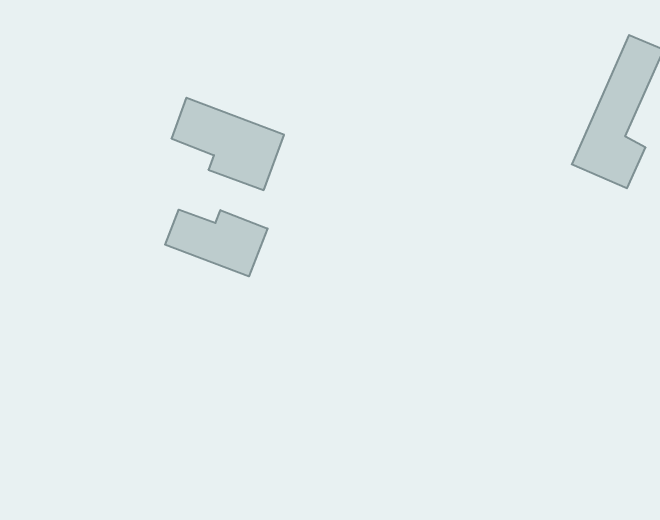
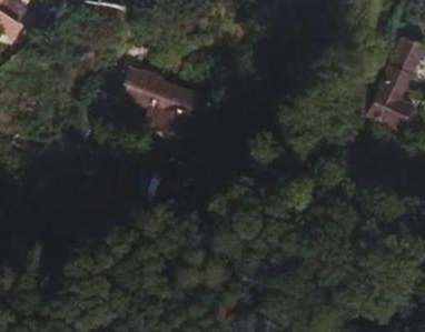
building: [165,210,268,276] -> none

